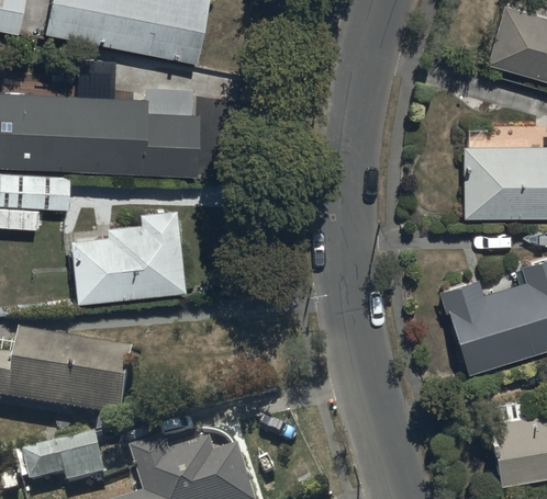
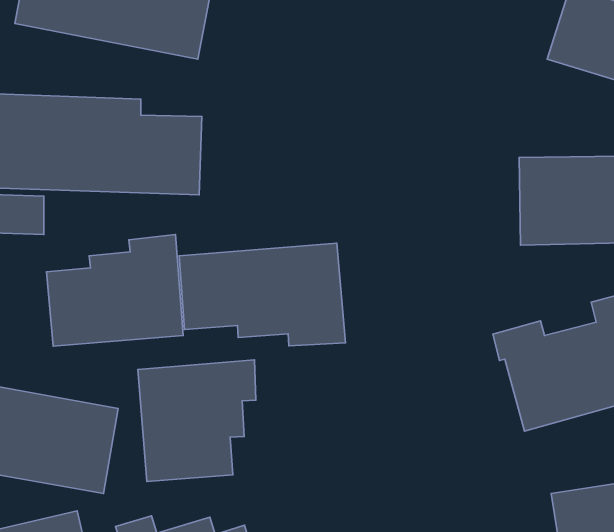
building: none -> [179,243,345,346]
building: none -> [138,360,256,481]

